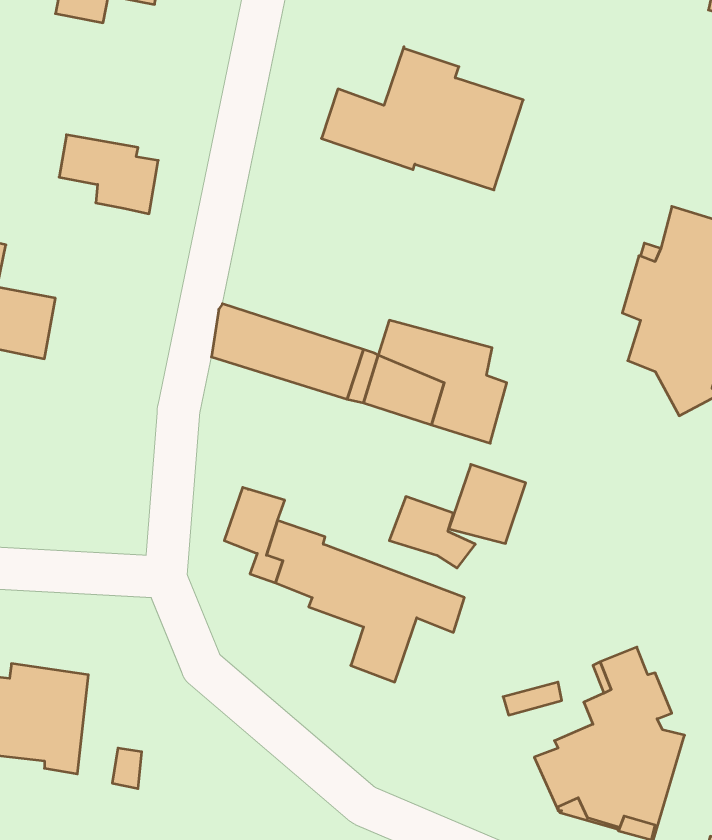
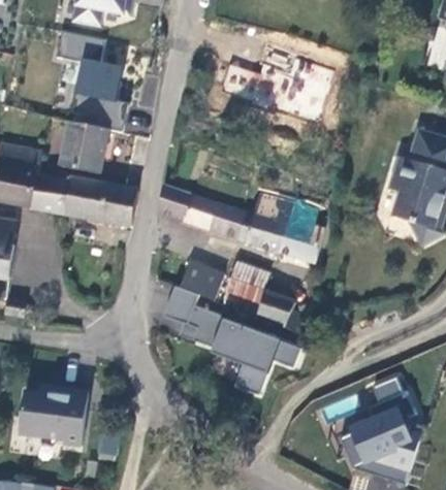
building: none -> [56,30,122,95]
building: none -> [61,121,108,172]
building: none -> [64,177,138,224]
building: none -> [179,264,219,297]
building: [449,464,526,543] -> [225,260,268,304]

